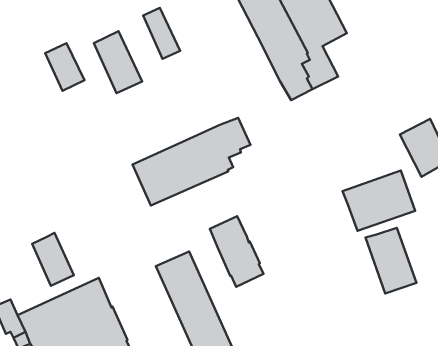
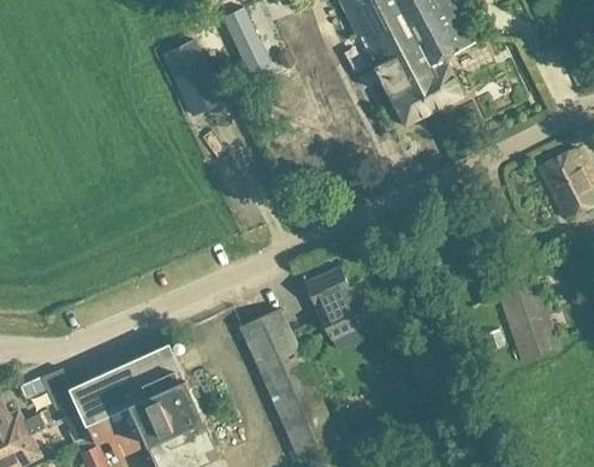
building: [45,43,85,91] -> none
building: [132,118,251,205] -> none
building: [342,170,415,231] -> none
building: [32,233,74,286] -> none

